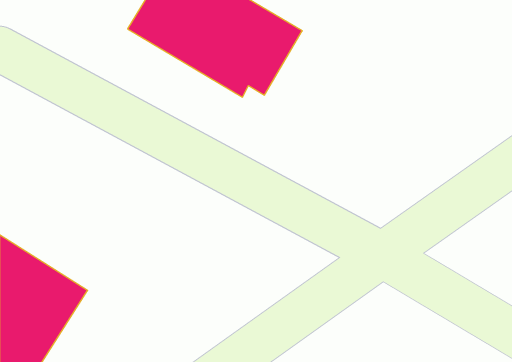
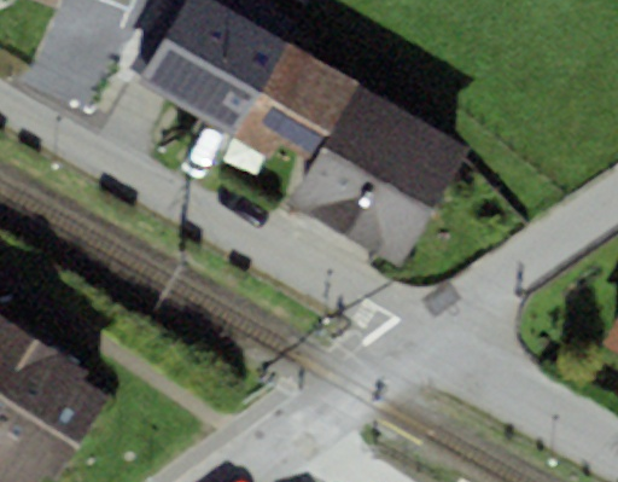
building: none -> [295,100,456,260]

